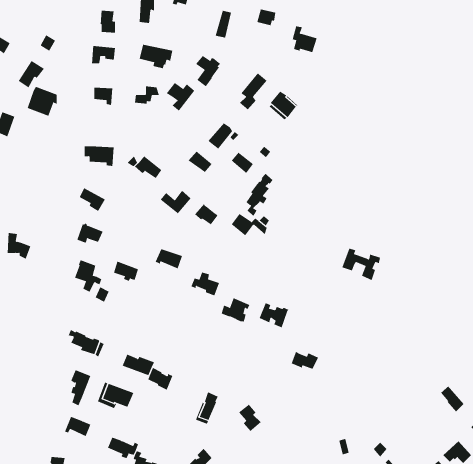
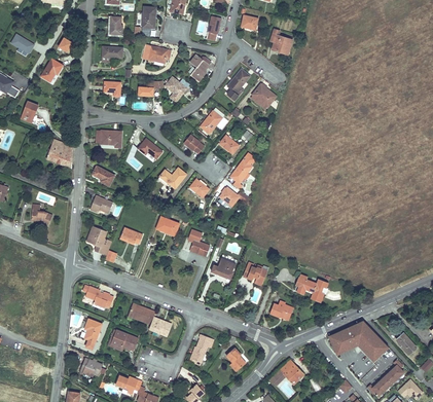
building: [27,86,57,117] -> [46,140,72,166]
building: [342,248,381,281] -> [294,275,327,302]
building: none -> [329,320,388,361]
building: none -> [368,358,404,394]
building: none -> [269,360,303,387]

